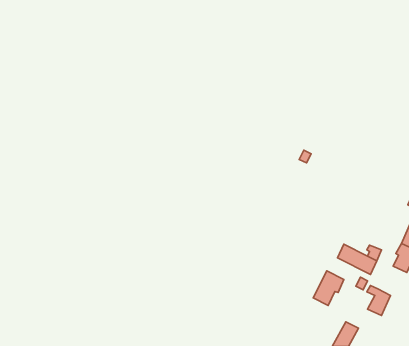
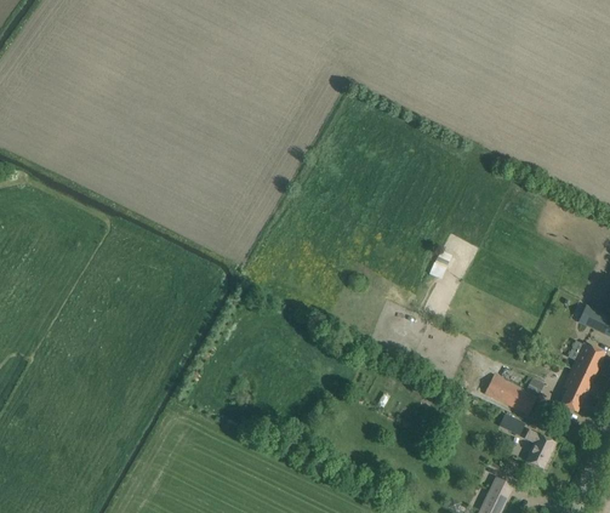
building: [313,271,344,305] -> none

